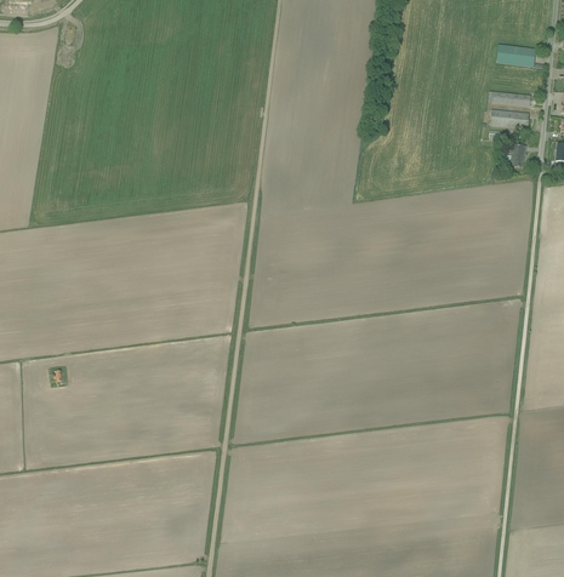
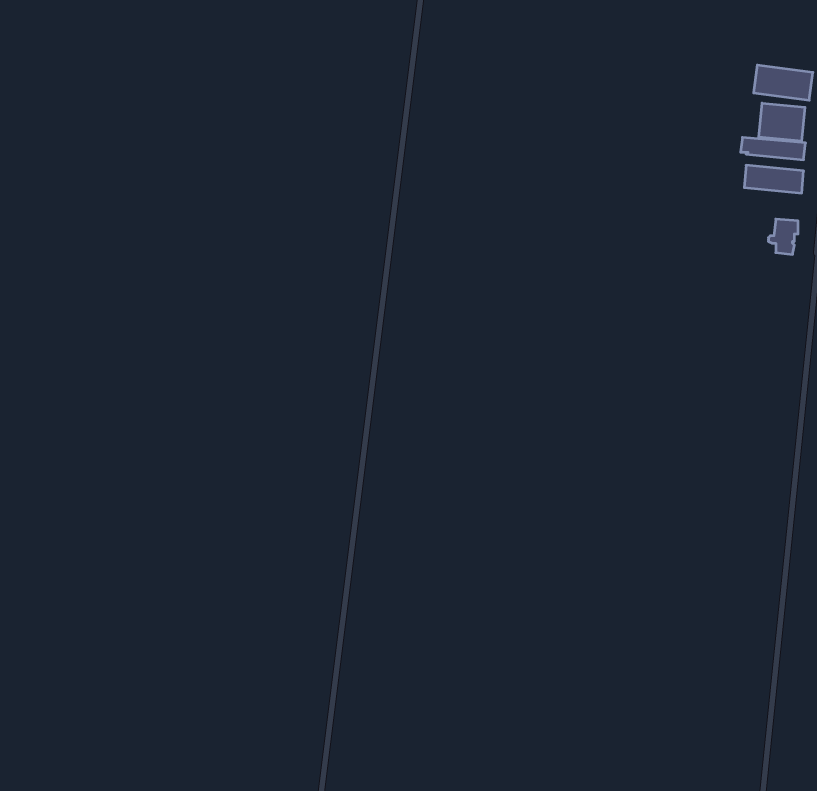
building: none -> [759,103,805,141]

